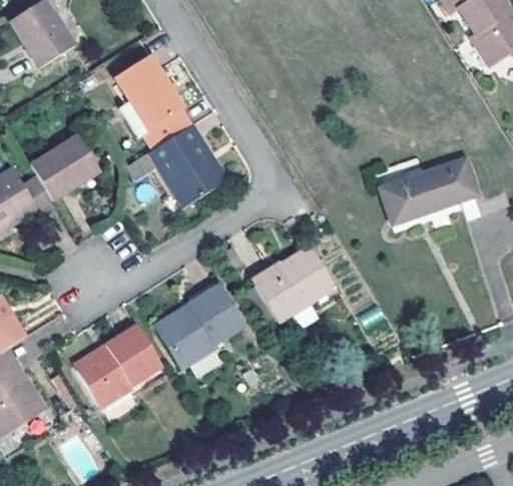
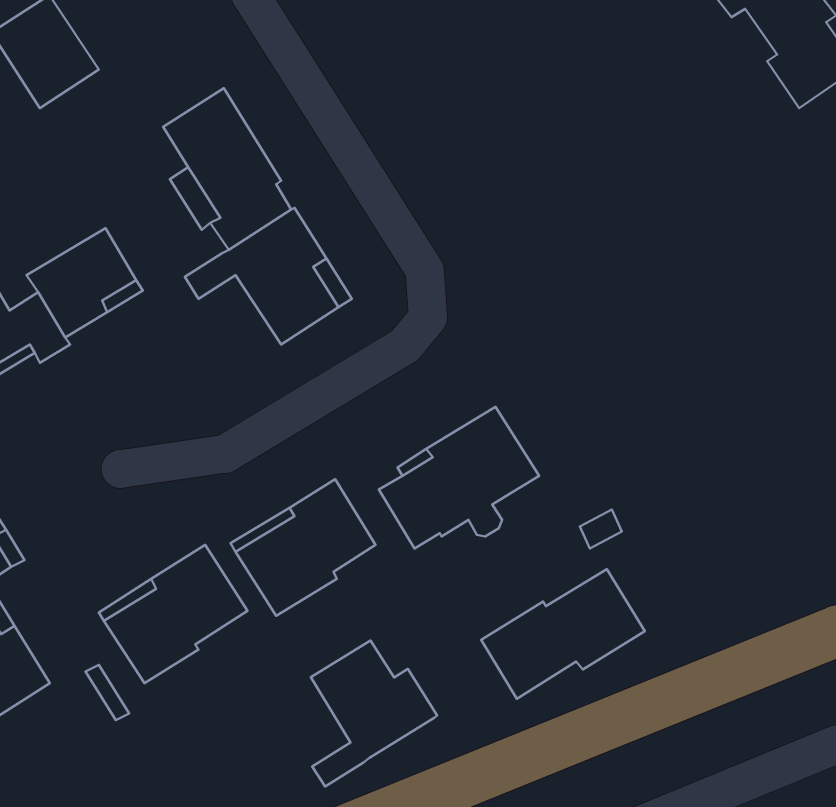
building: [381,157,480,223] -> none
building: none -> [481,569,645,699]
building: none -> [311,640,437,786]

